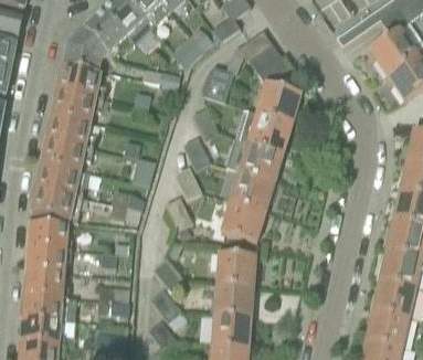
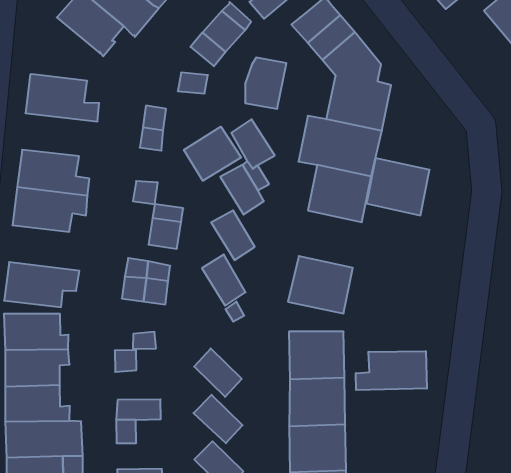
building: [63,29,109,73] -> none
building: [52,91,104,123] -> none
building: none -> [184,127,241,181]
building: [36,165,89,199] -> none
building: [230,172,274,213] -> [366,158,430,215]
building: none -> [356,351,427,390]

